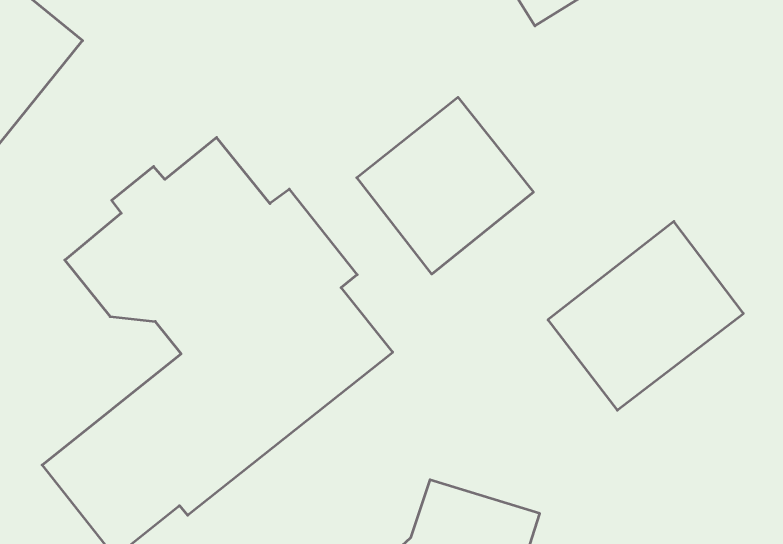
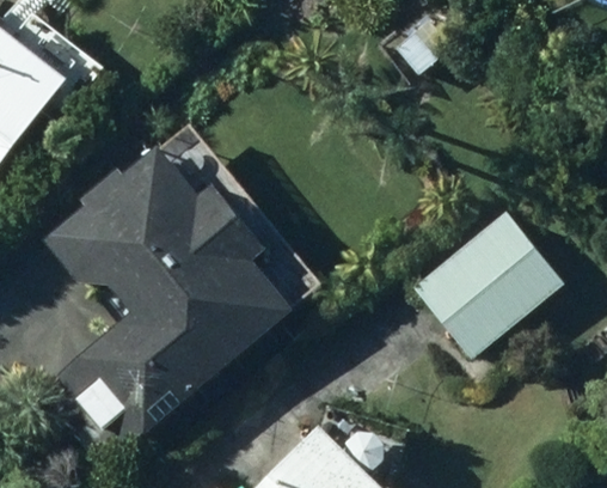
building: [357,97,533,274] -> none

